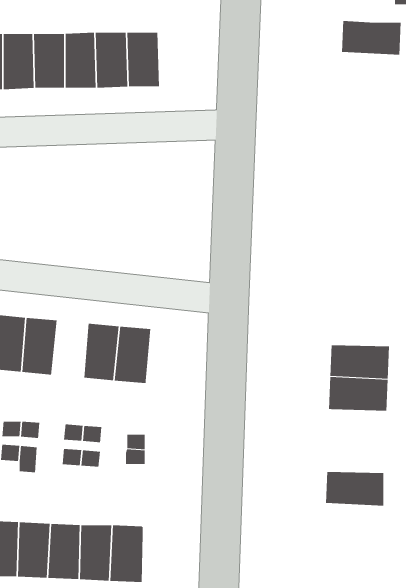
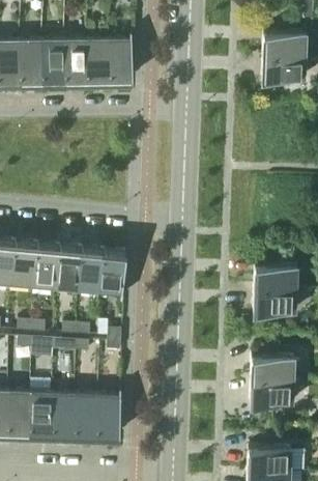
building: none -> [261,55,305,80]
building: none -> [54,248,80,289]
building: none -> [250,379,293,404]

